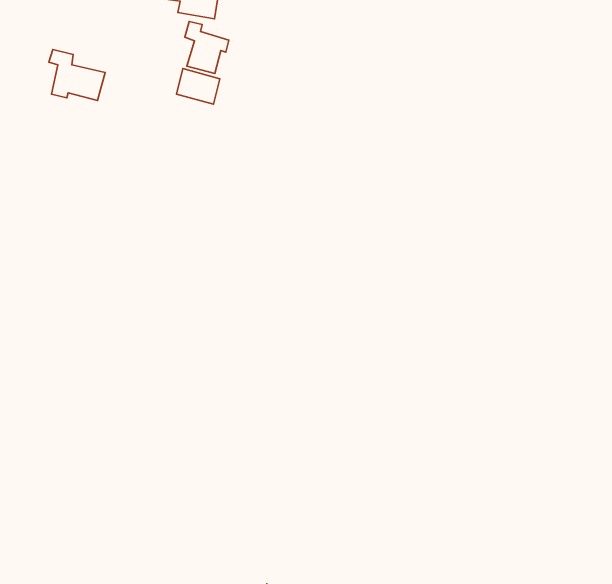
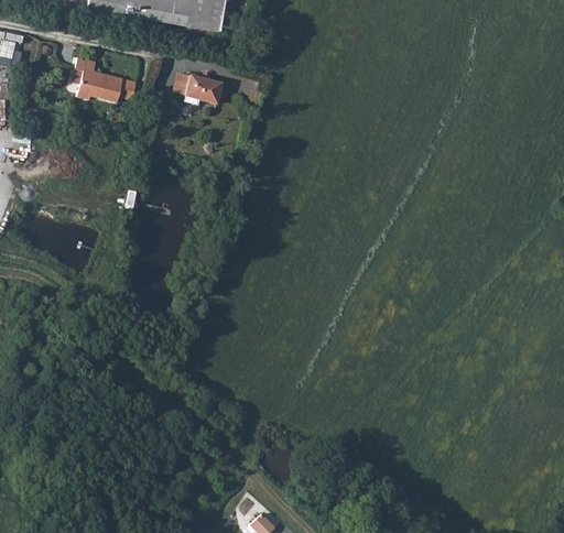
building: [185,22,229,73] -> none

